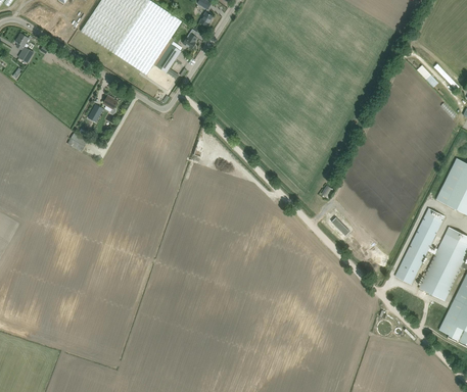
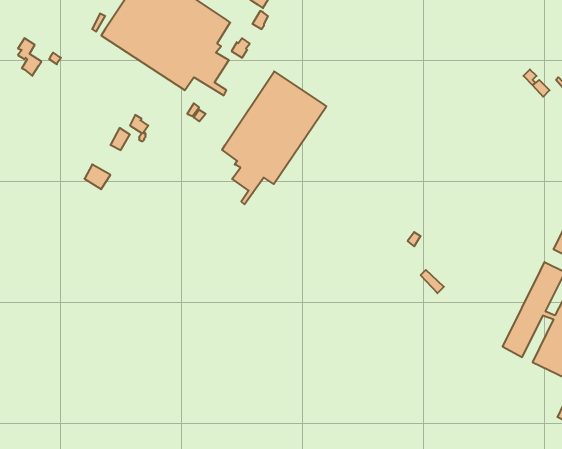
building: none -> [222,71,326,204]

